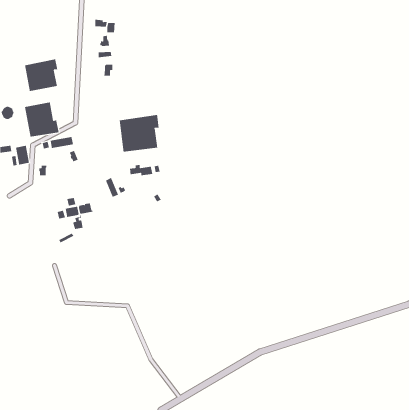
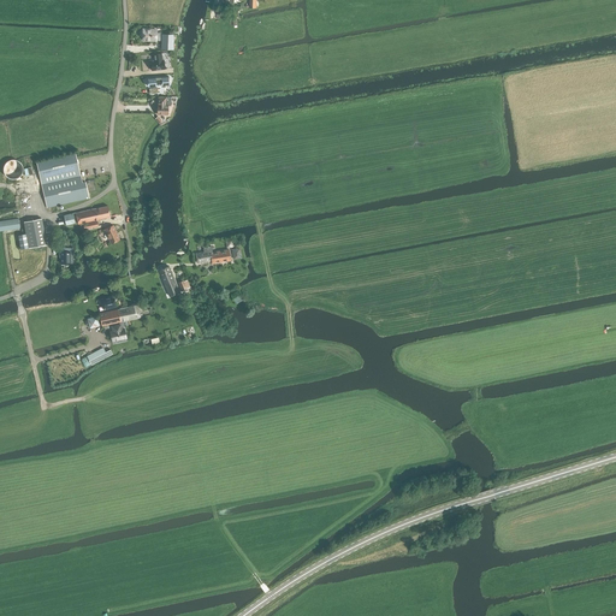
building: [24,59,58,92] -> none
building: [119,114,159,153] -> none

